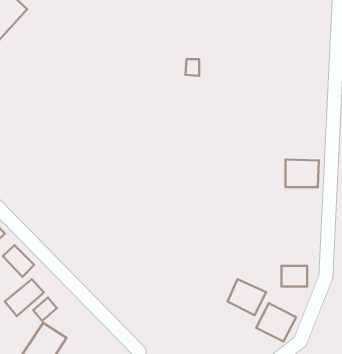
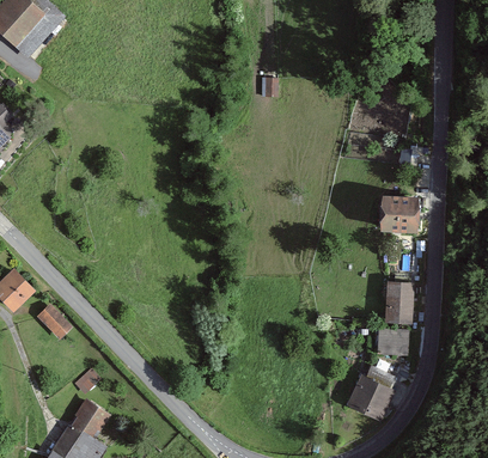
building: none -> [384,279,414,322]
building: [227,279,266,315] -> none
building: [5,279,44,316] -> none

